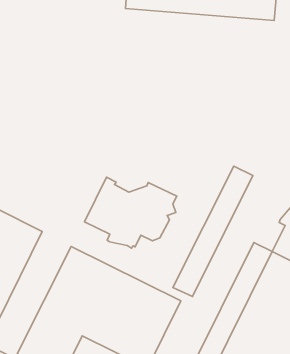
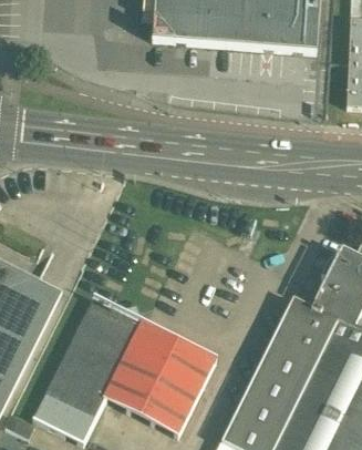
building: [173,166,253,297] -> none
building: [85,177,177,248] -> none

